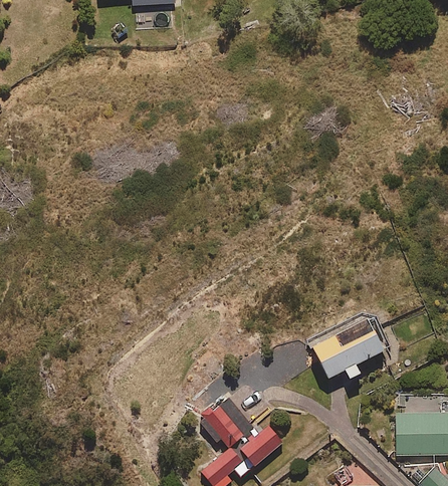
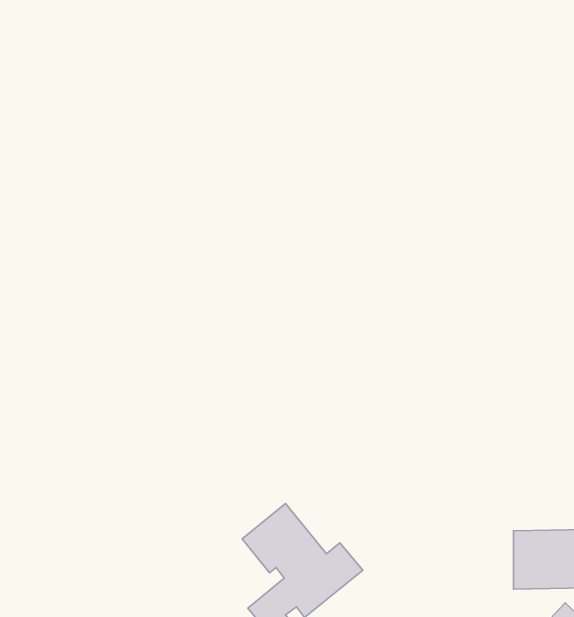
building: [310,314,381,377] -> none

